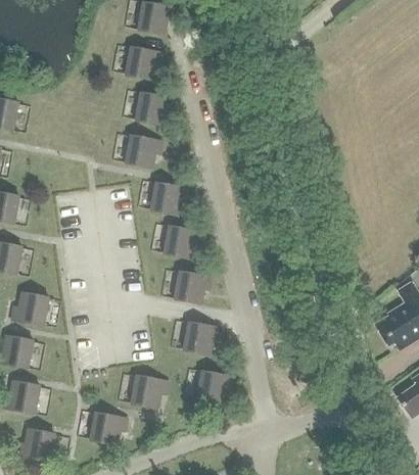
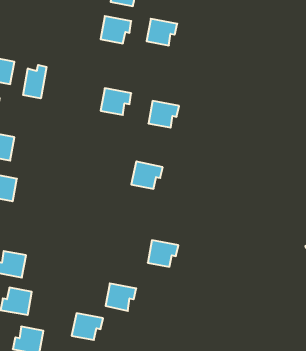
building: [135,92,173,125] -> [147,19,177,45]
building: none -> [23,65,47,98]
building: [150,182,188,215] -> [148,101,179,128]
building: [174,271,212,304] -> none
building: [10,292,48,325] -> none
building: [196,371,234,403] -> none

